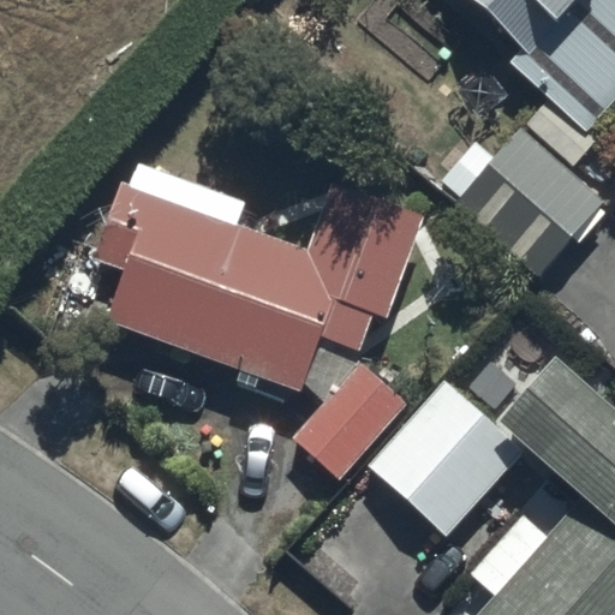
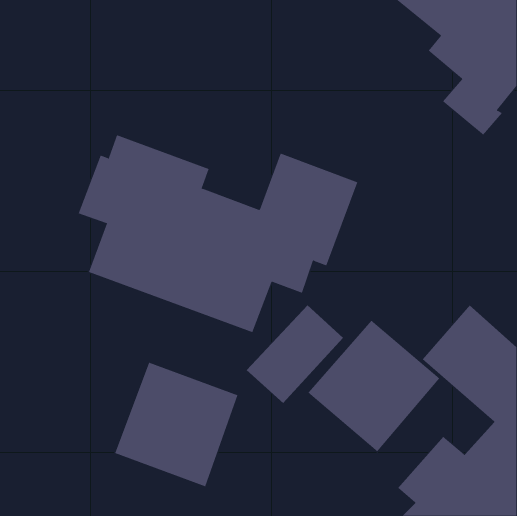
building: [441,127,605,277] -> none
building: none -> [115,362,238,487]

